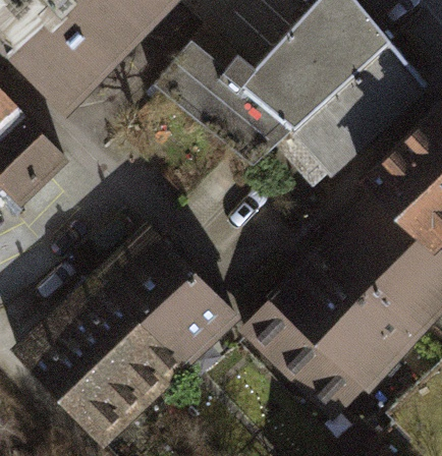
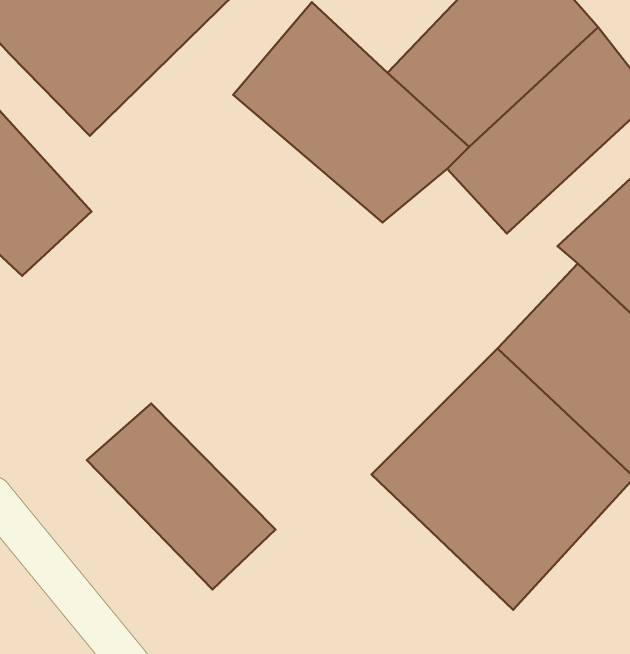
building: [108,234,241,366] -> none
building: [27,322,148,443] -> none

